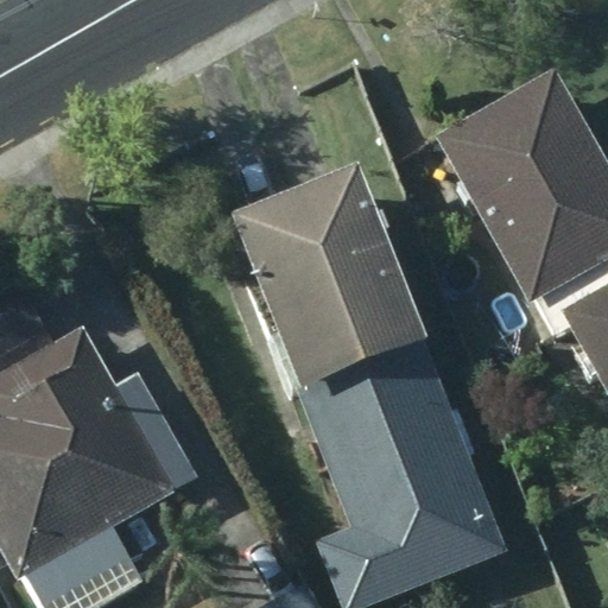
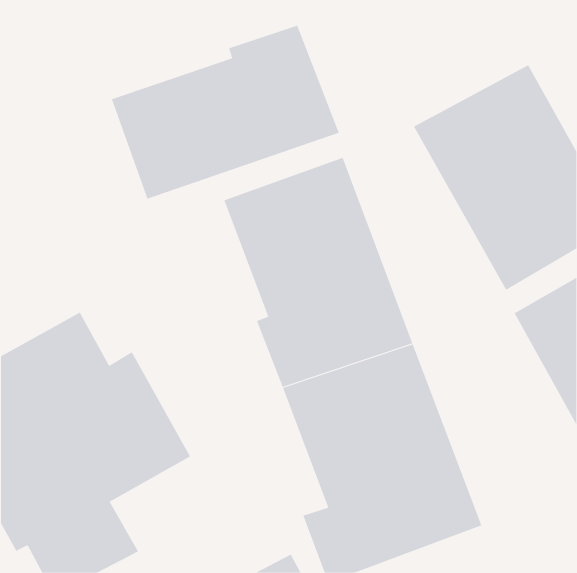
building: none -> [111,25,339,199]

